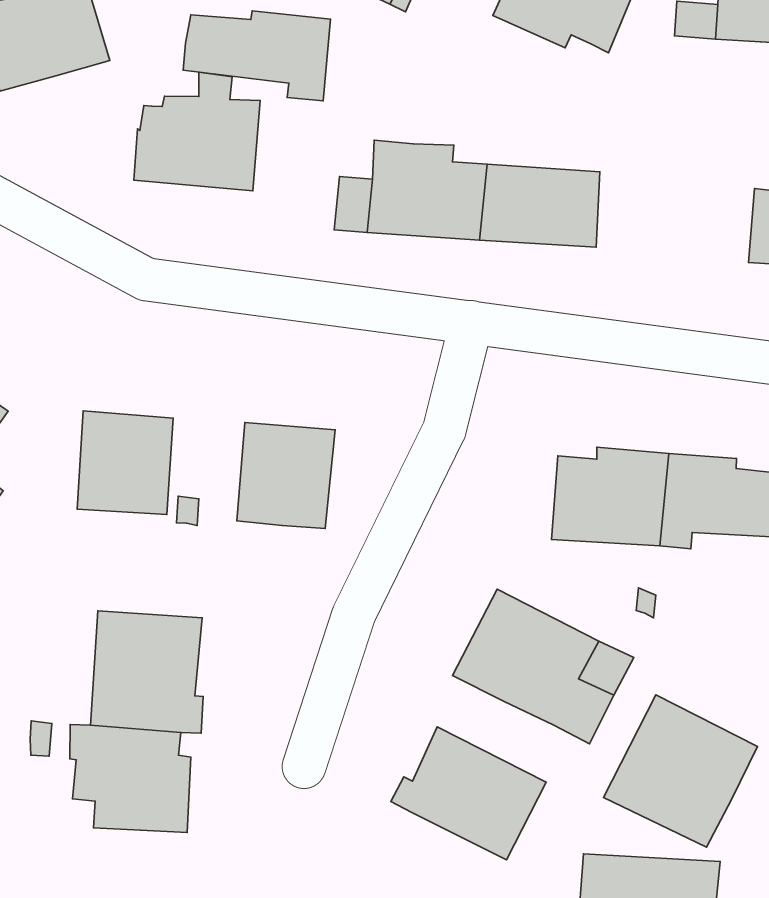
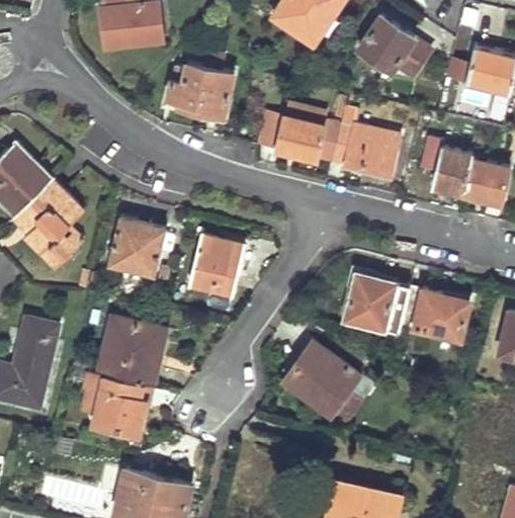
building: [183,11,330,101] -> none
building: none -> [422,140,475,197]
building: [603,695,757,847] -> none
building: [391,727,546,860] -> none

